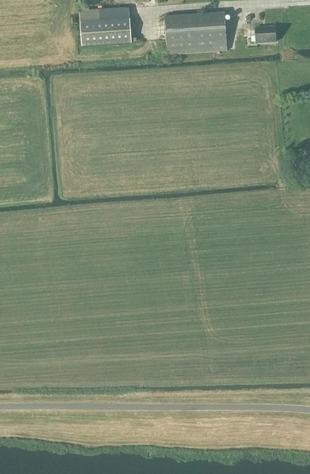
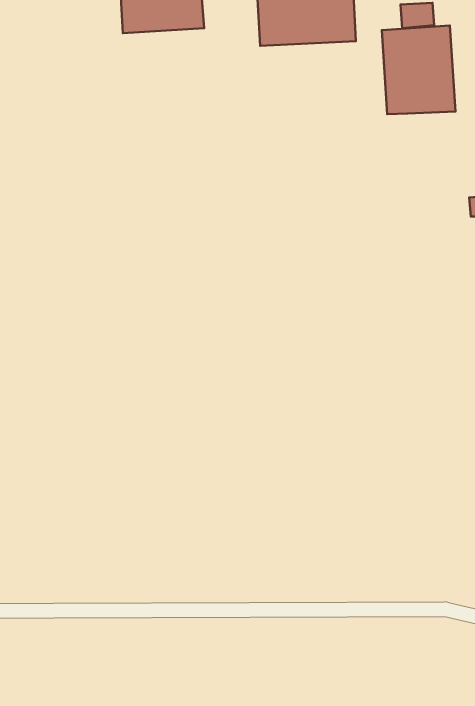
building: none -> [382,26,456,114]

